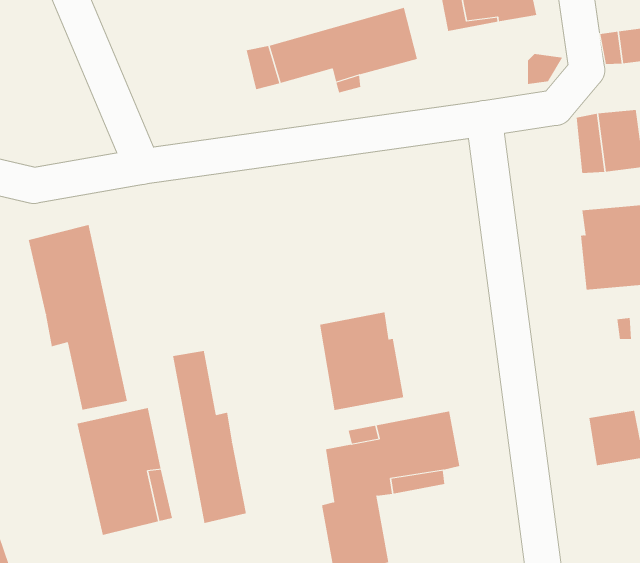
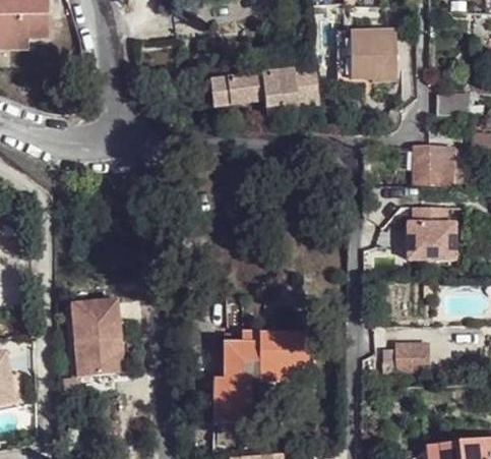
building: [28,224,128,411] -> none
building: [320,312,404,411] -> none
building: [172,350,247,524] -> none

